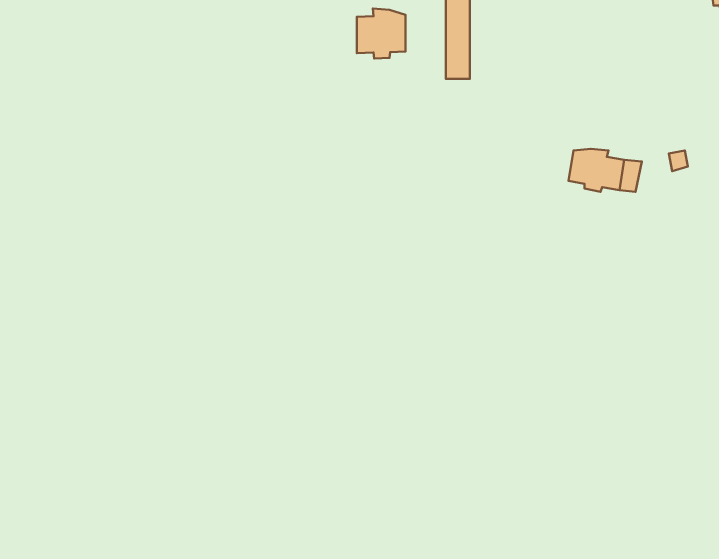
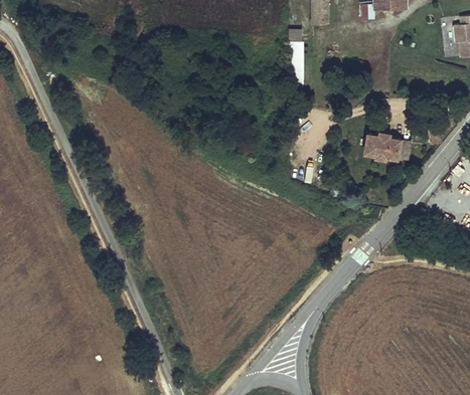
building: [357,8,405,59] -> none

